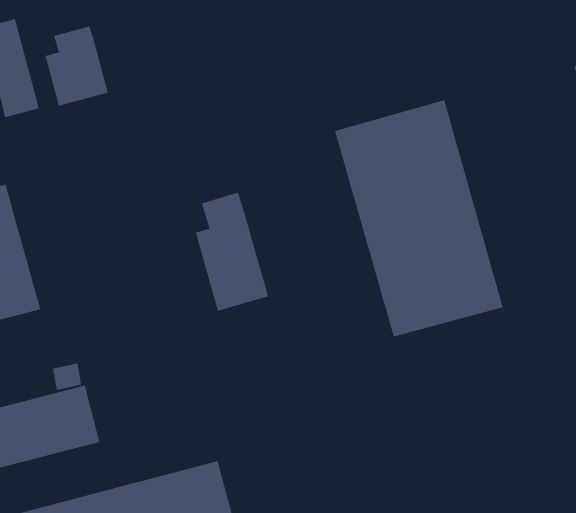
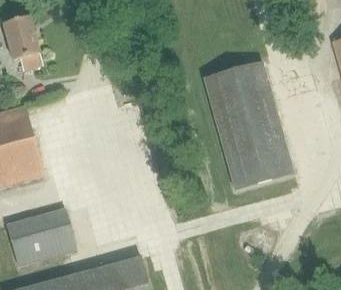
building: [45,25,109,107] -> none
building: [195,192,269,312] -> none

